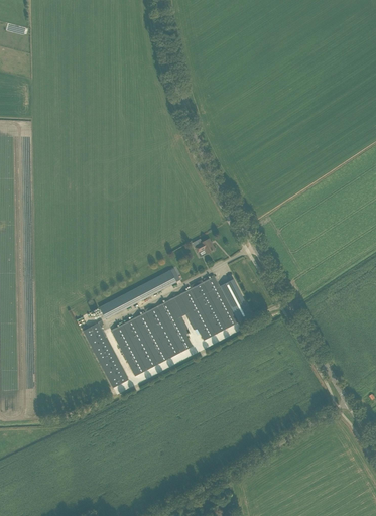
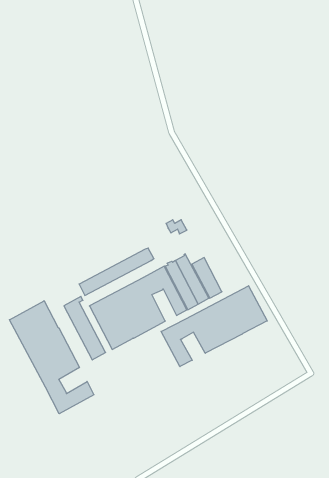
building: none -> [161,286,267,367]
building: none -> [9,301,94,414]

